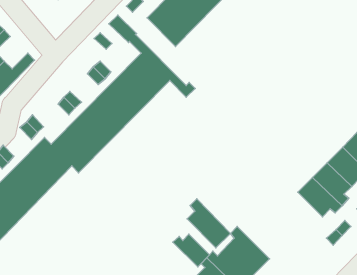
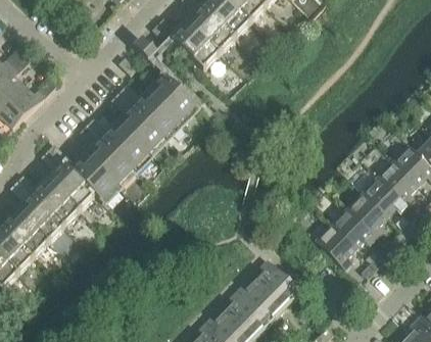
building: none -> [314,223,355,268]
building: [187,199,230,248] -> none
building: [173,234,210,267] -> none

